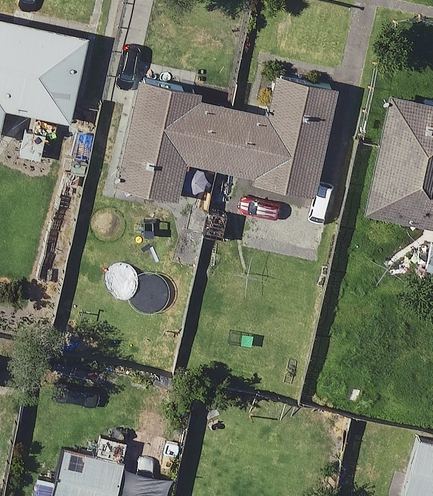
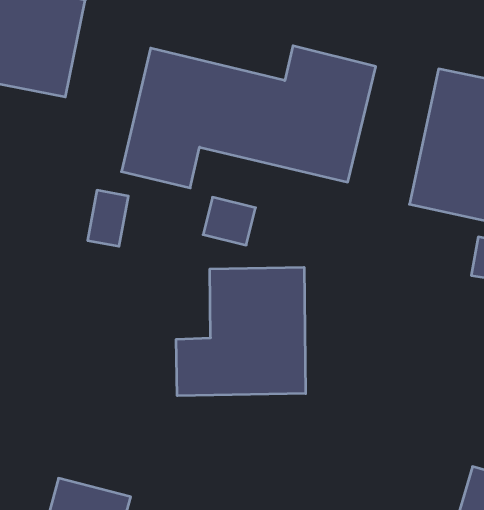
building: none -> [176,267,306,396]

